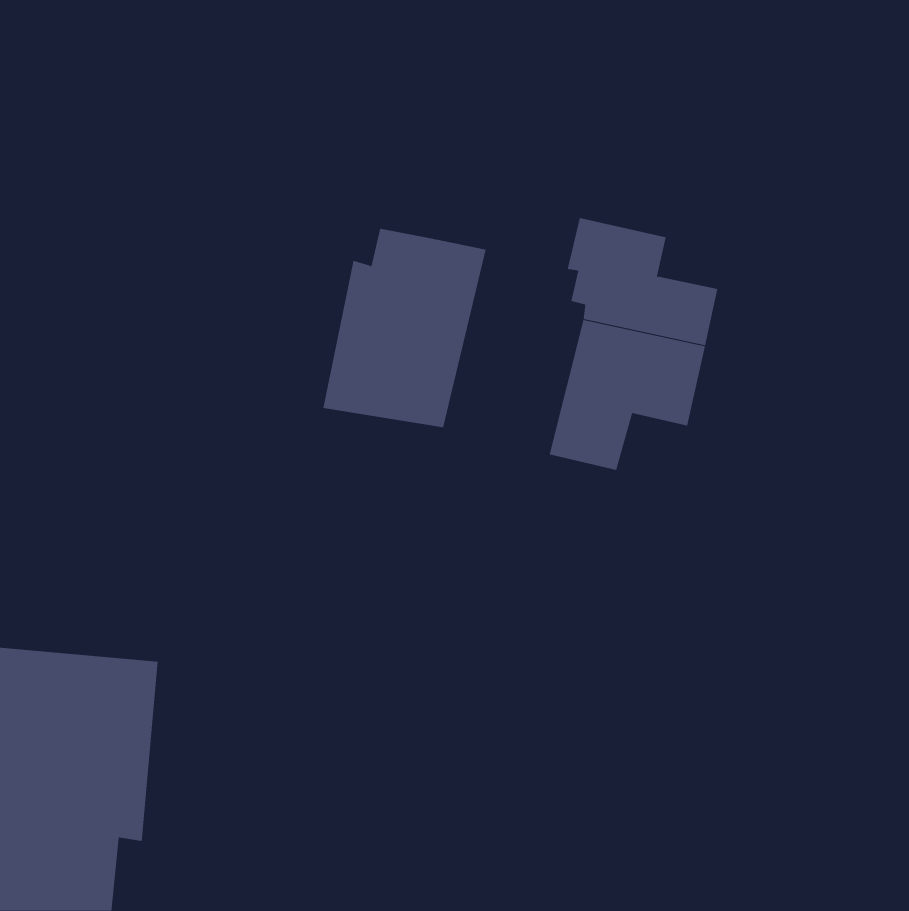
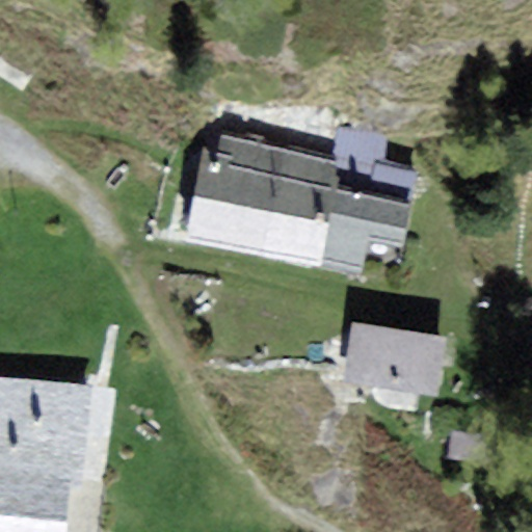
building: none -> [259,145,341,265]
building: none -> [344,325,447,399]

